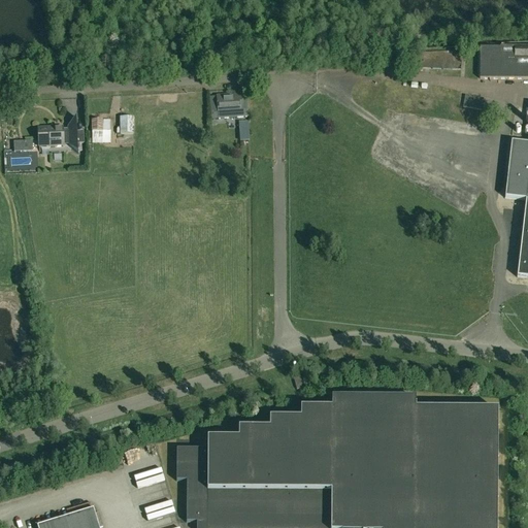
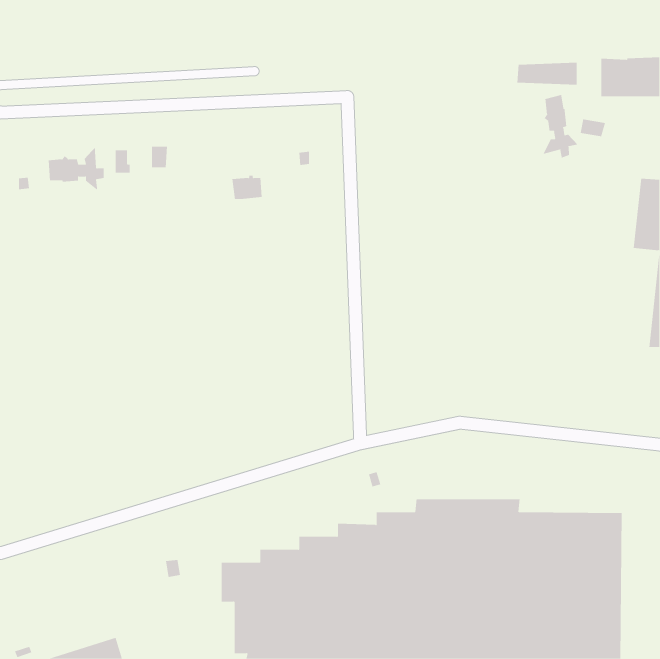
building: none -> [542,94,579,159]
building: [217,92,241,111] -> [232,175,263,200]

